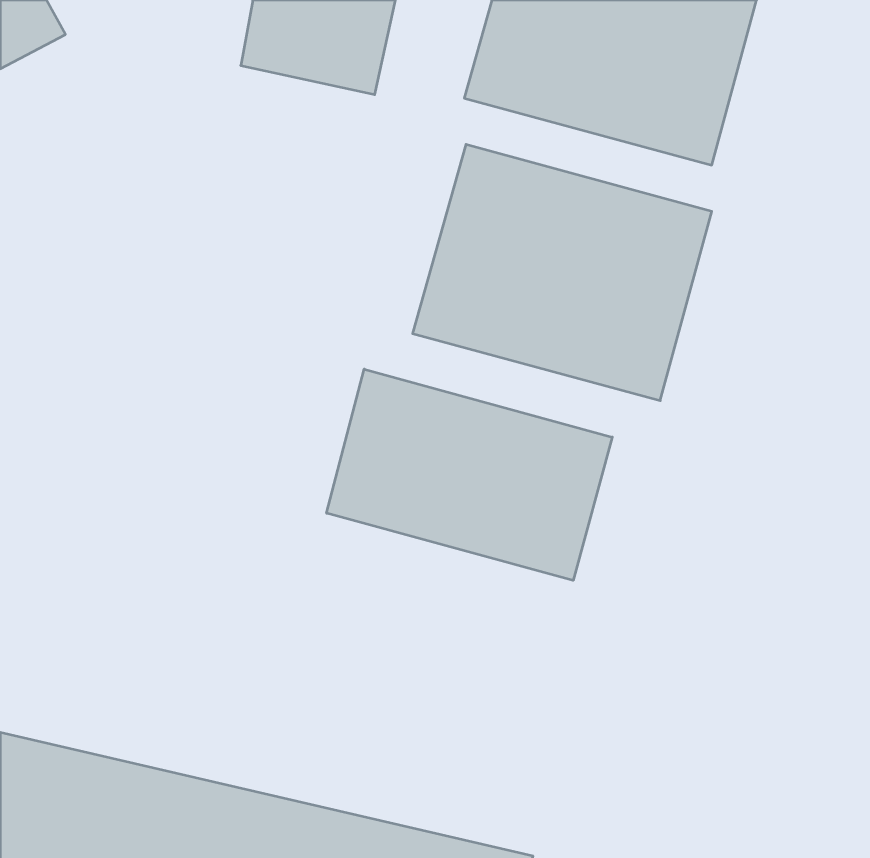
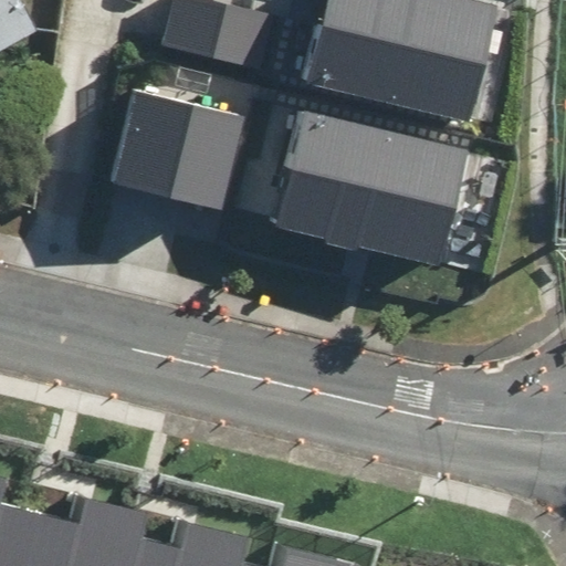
building: none -> [122,84,234,199]
building: [327,369,612,580] -> none

